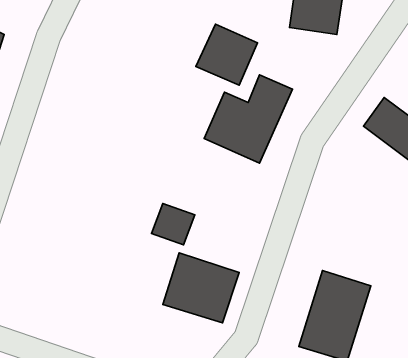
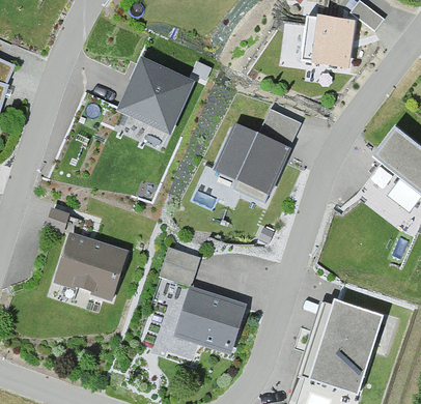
building: [196,24,258,85] -> [123,62,186,123]
building: none -> [53,231,129,299]

